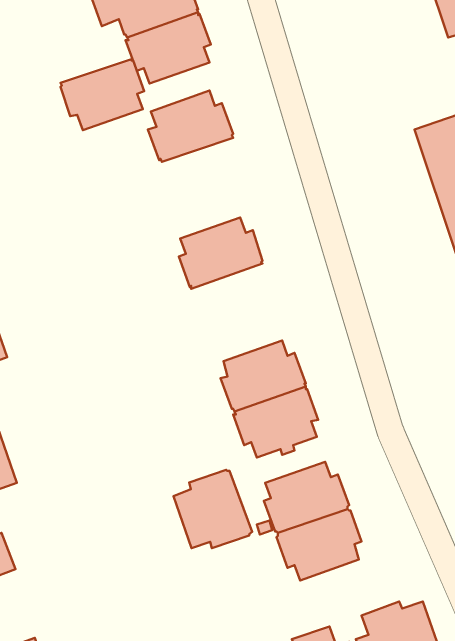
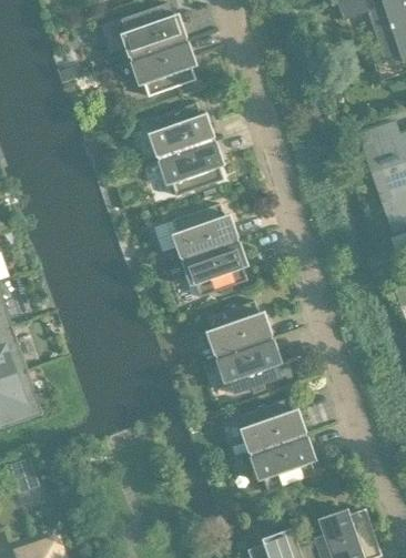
building: [60,59,144,130] -> [156,141,223,197]
building: none -> [180,241,246,297]
building: [173,470,252,548] -> none

